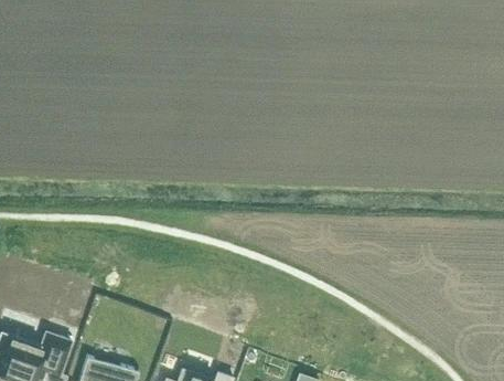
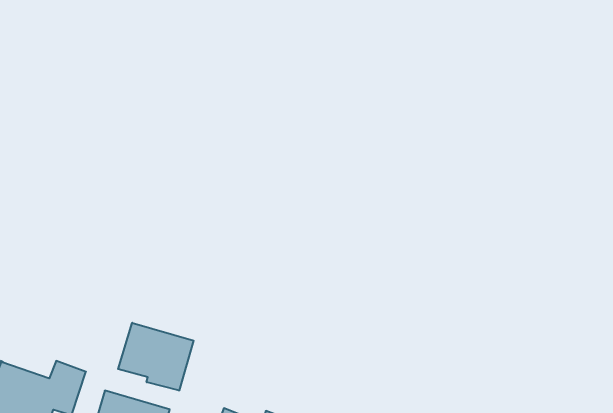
building: none -> [118,323,194,391]

